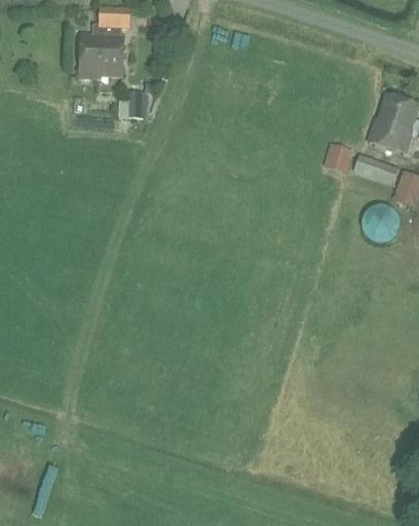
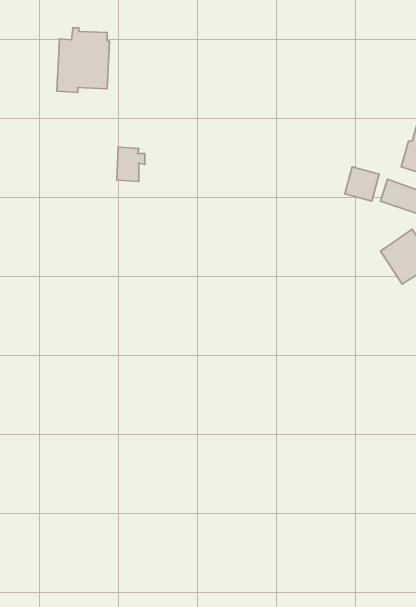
building: [99,7,130,29] -> none
building: [127,89,151,118] -> [117,147,145,181]

